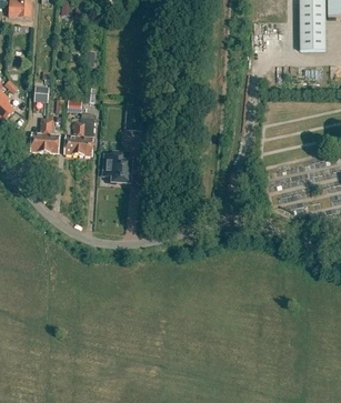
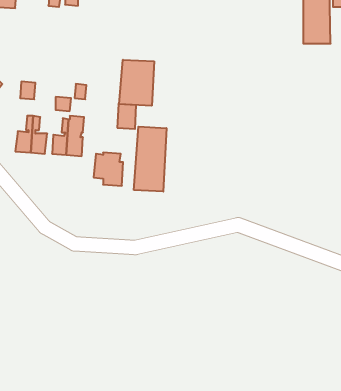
building: none -> [119,60,154,106]
building: none -> [134,127,166,192]

